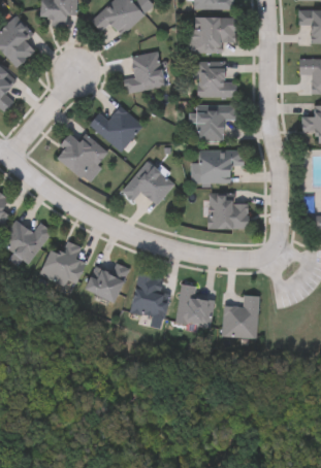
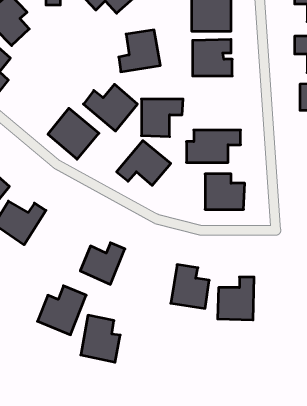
building: [196,104,237,141] -> [141,99,183,137]
building: [40,240,89,289] -> [37,286,86,335]
building: [131,273,170,320] -> [81,315,120,362]

